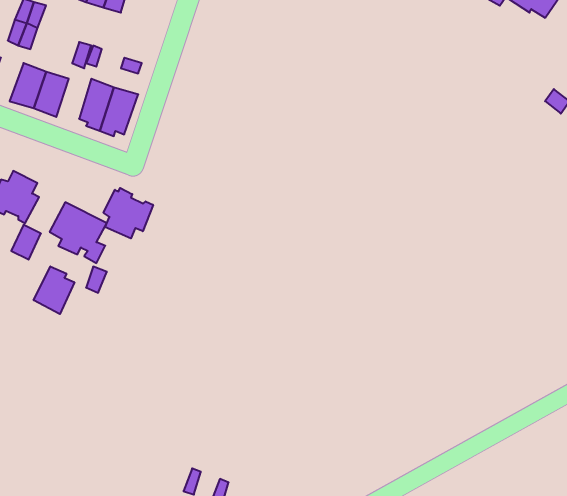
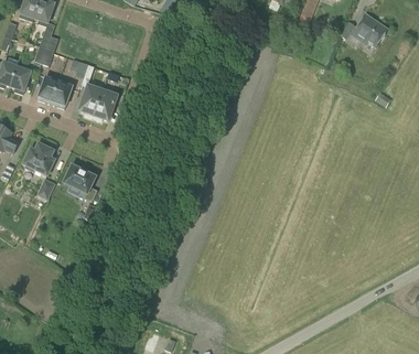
building: [104,188,153,238] -> none
building: [34,266,74,314] -> none

